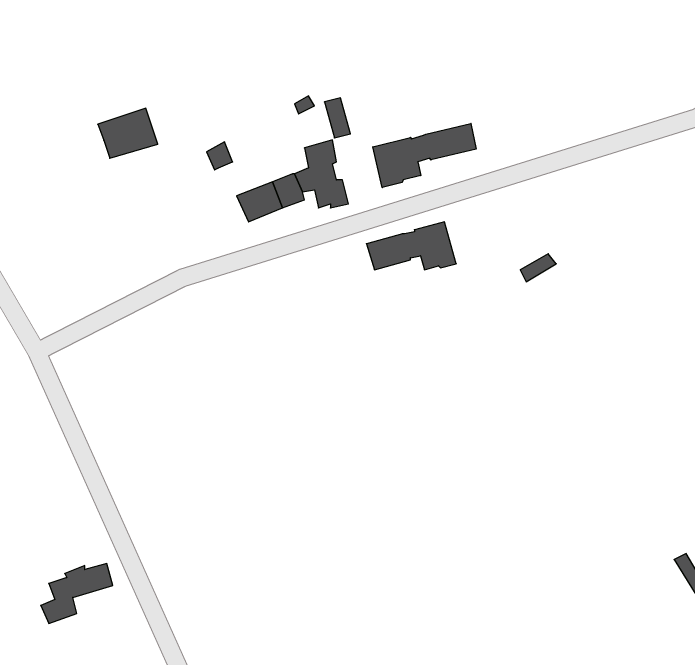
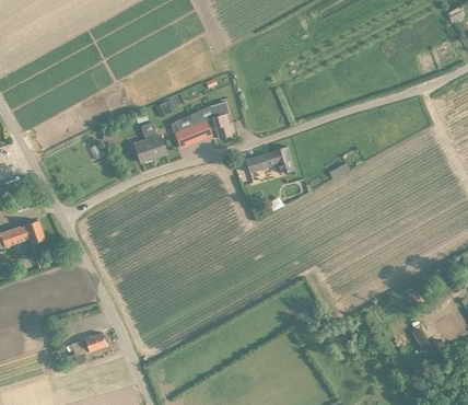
building: [98,108,158,158] -> [132,135,165,162]
building: [373,123,476,188] -> none

